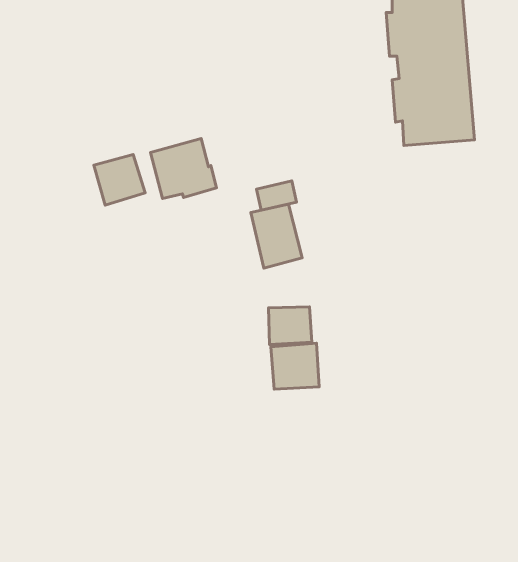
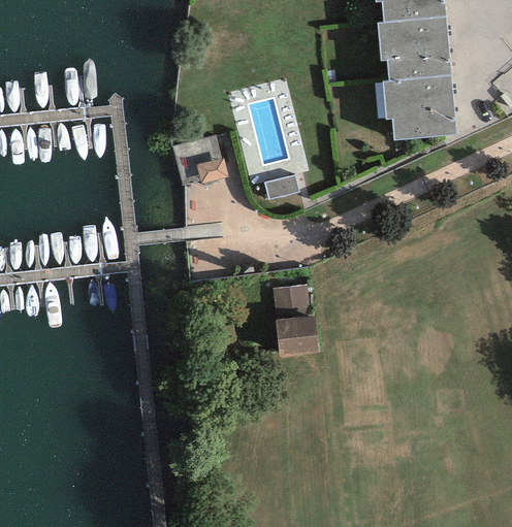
building: [94,154,145,205] -> none
building: [251,204,302,268] -> none

